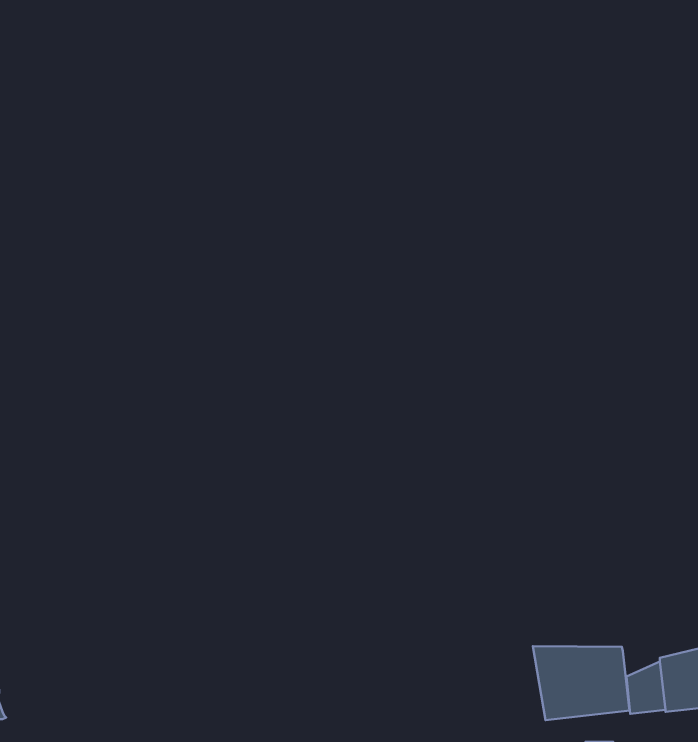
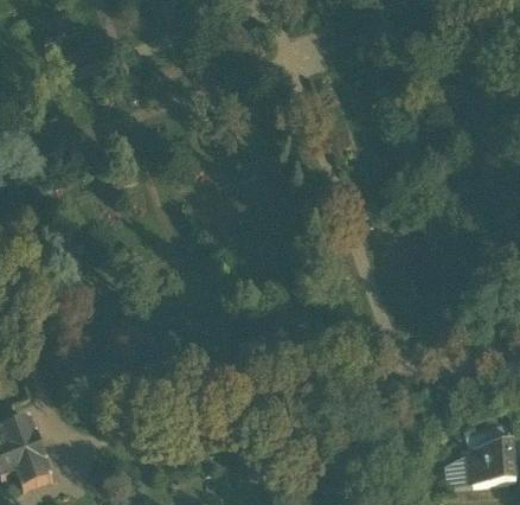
building: [533,646,630,720] -> none

